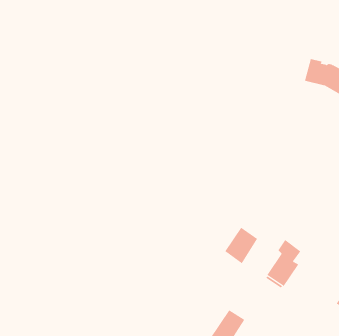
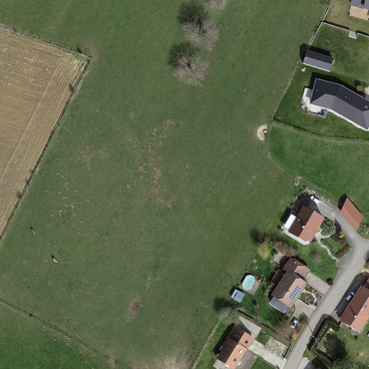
building: none -> [290,207,324,241]
building: [224,227,258,264] -> none

